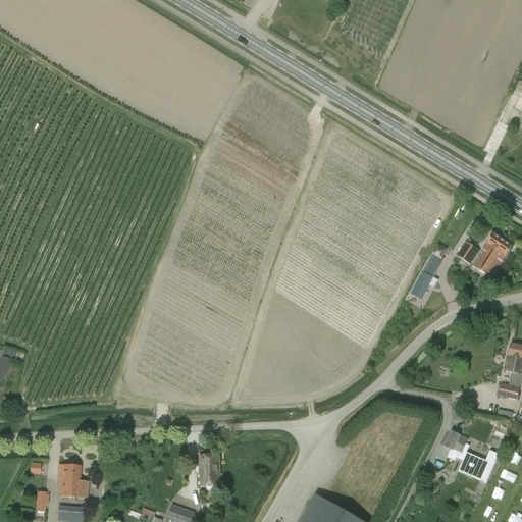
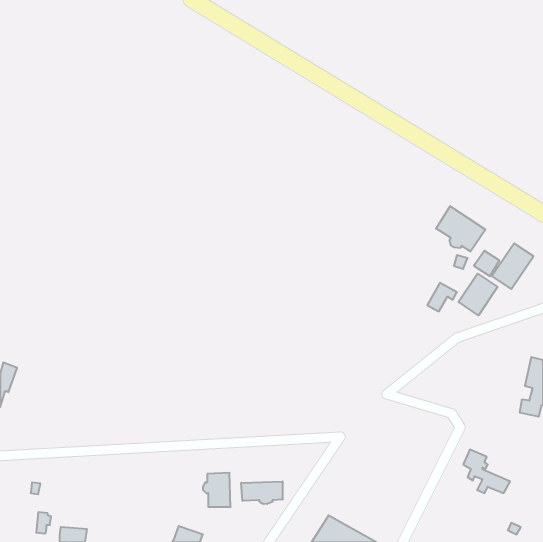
building: none -> [436,206,485,252]
building: none -> [458,274,497,315]
building: none -> [241,481,283,504]
building: [58,465,88,499] -> none

